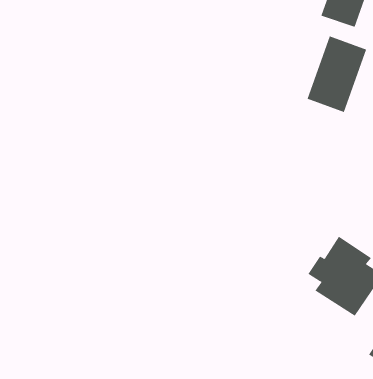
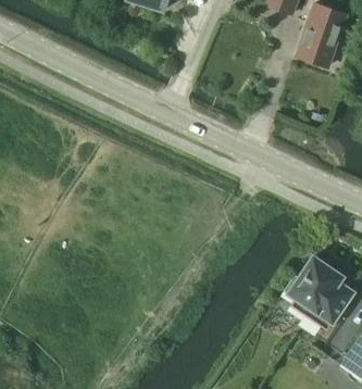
building: [307,36,367,113] -> none

